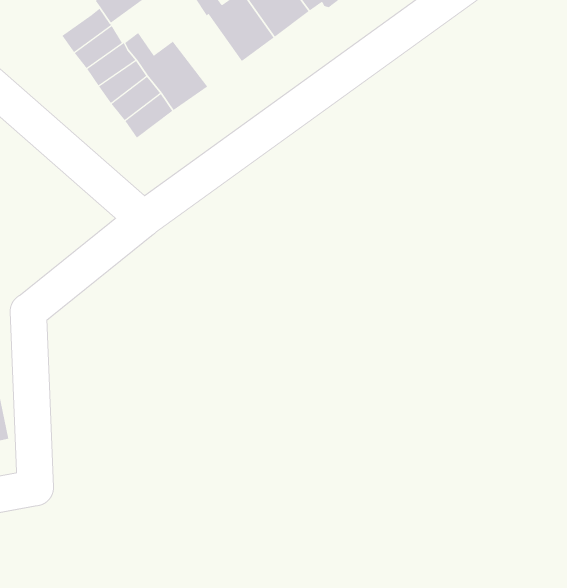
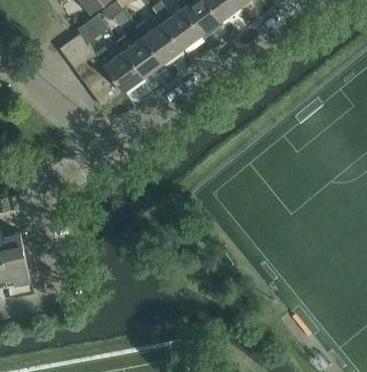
building: none -> [116,36,162,78]

